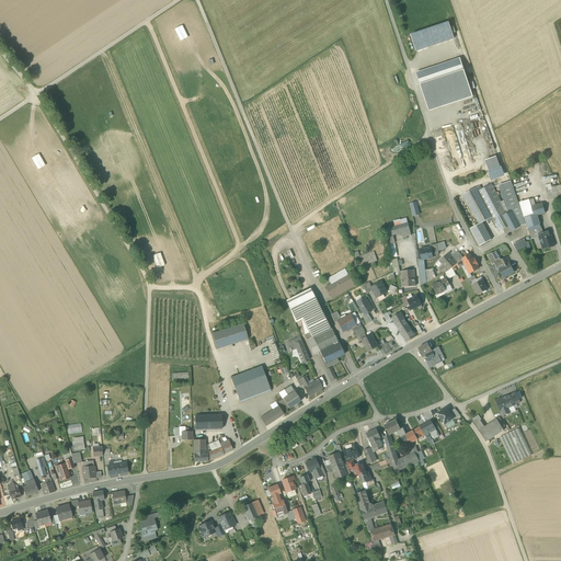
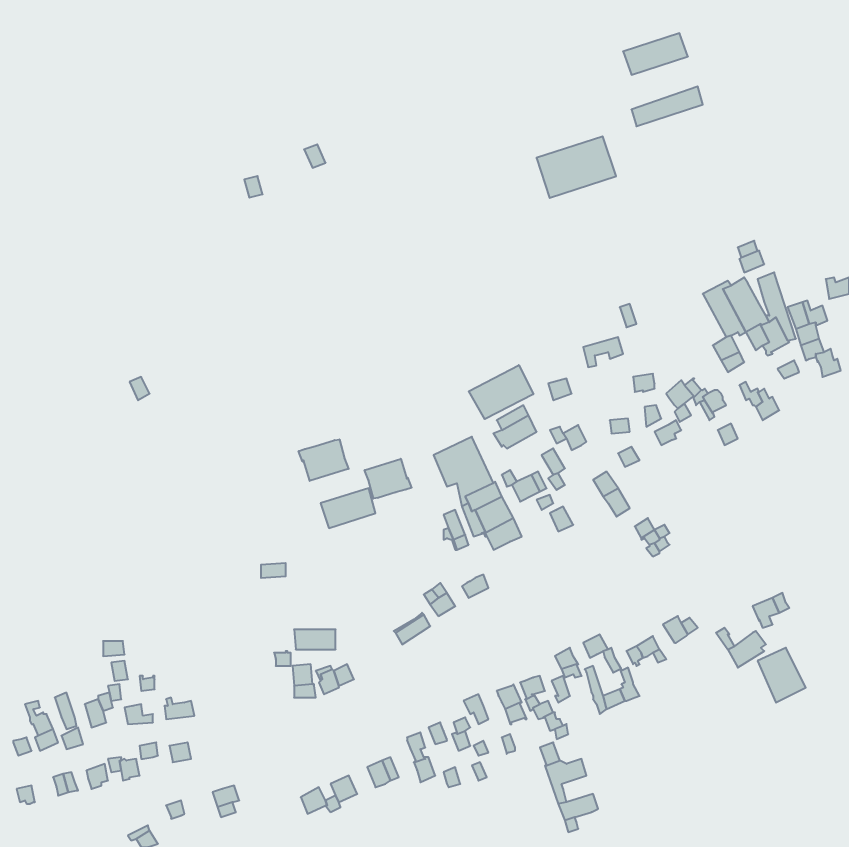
building: [420,69,472,110] -> [536,136,616,198]
building: none -> [469,365,533,419]
building: none -> [299,439,349,481]
building: none -> [365,459,412,499]
building: [231,366,271,401] -> none

